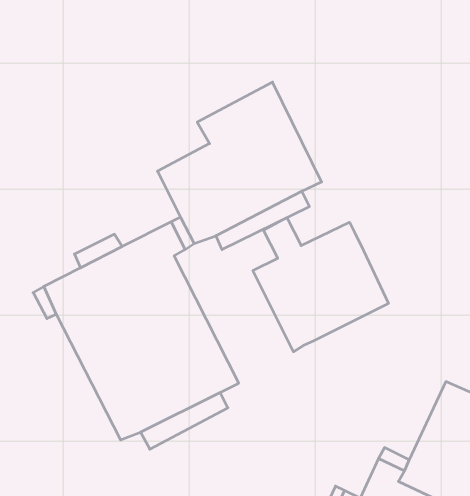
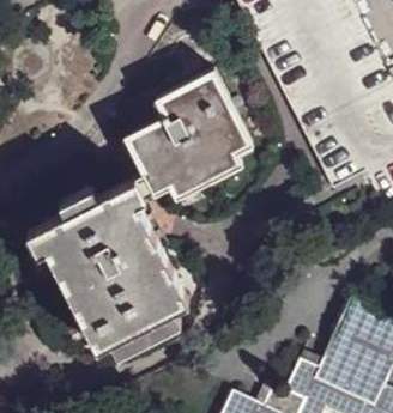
building: [253,218,388,352] -> none

